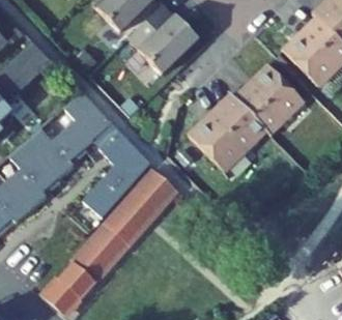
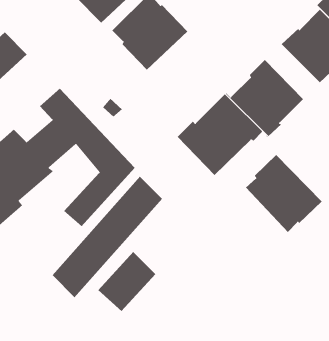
building: none -> [245,154,322,233]
building: [42,260,95,315] -> [98,251,156,312]

